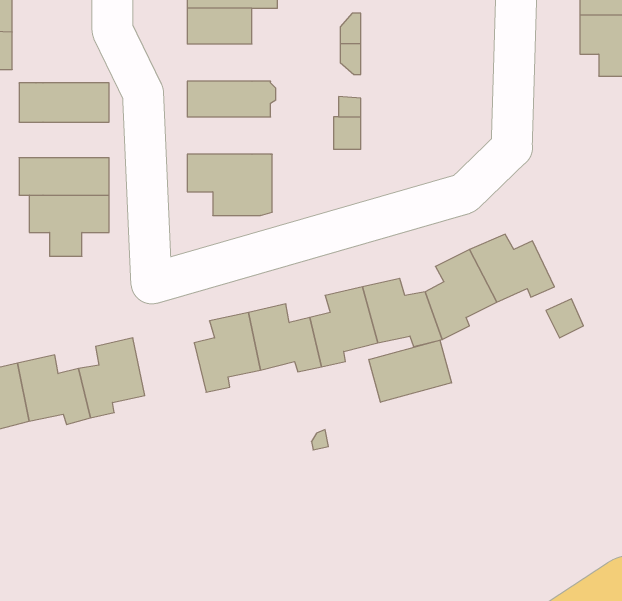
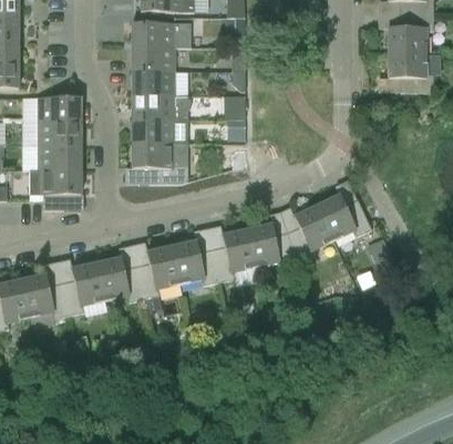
building: none -> [132,70,186,94]
building: none -> [132,117,186,142]
building: none -> [22,121,81,144]
building: none -> [96,256,144,300]
building: [369,340,452,402] -> none

